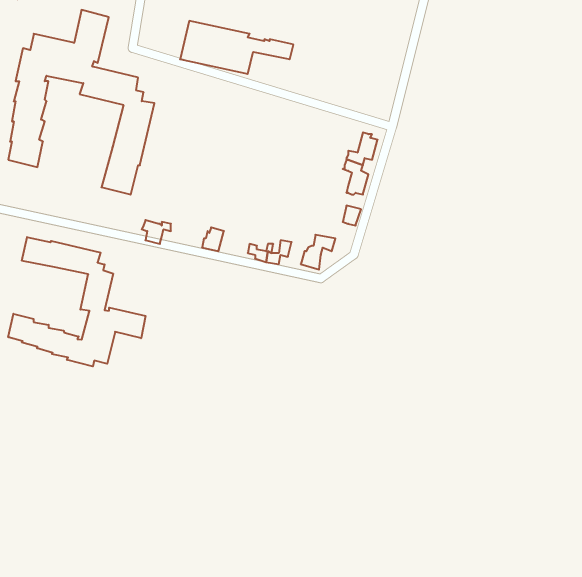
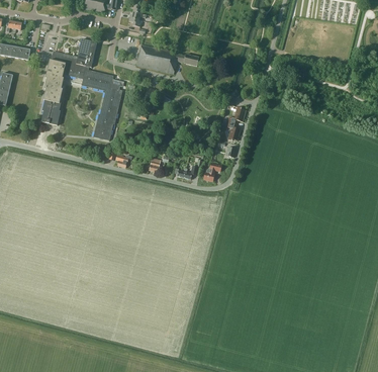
building: [8,237,146,366] -> none

